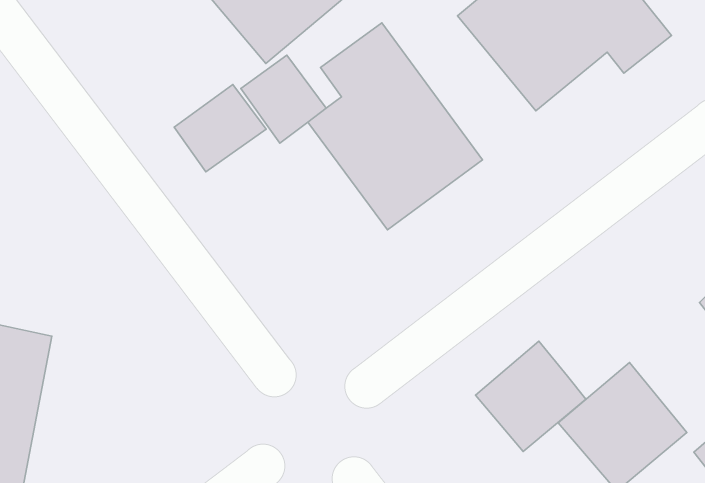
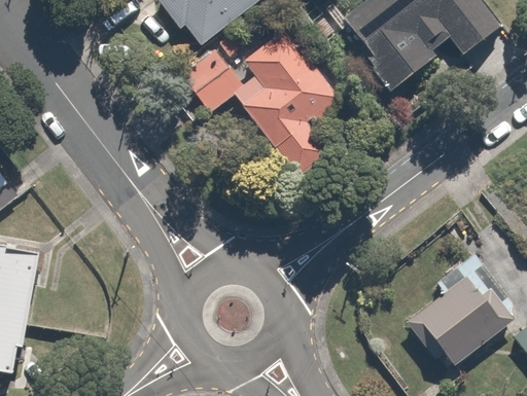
building: [174,84,266,172] -> none
building: [476,341,586,452] -> none

